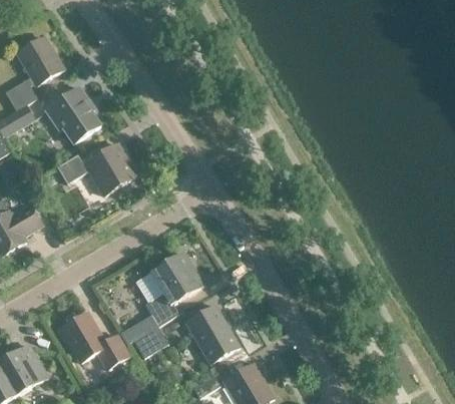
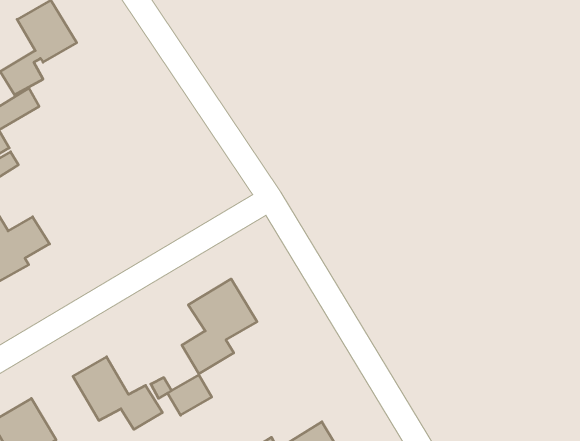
building: [45,86,100,142] -> none
building: [56,143,136,194] -> none
building: [185,304,240,363] -> none

